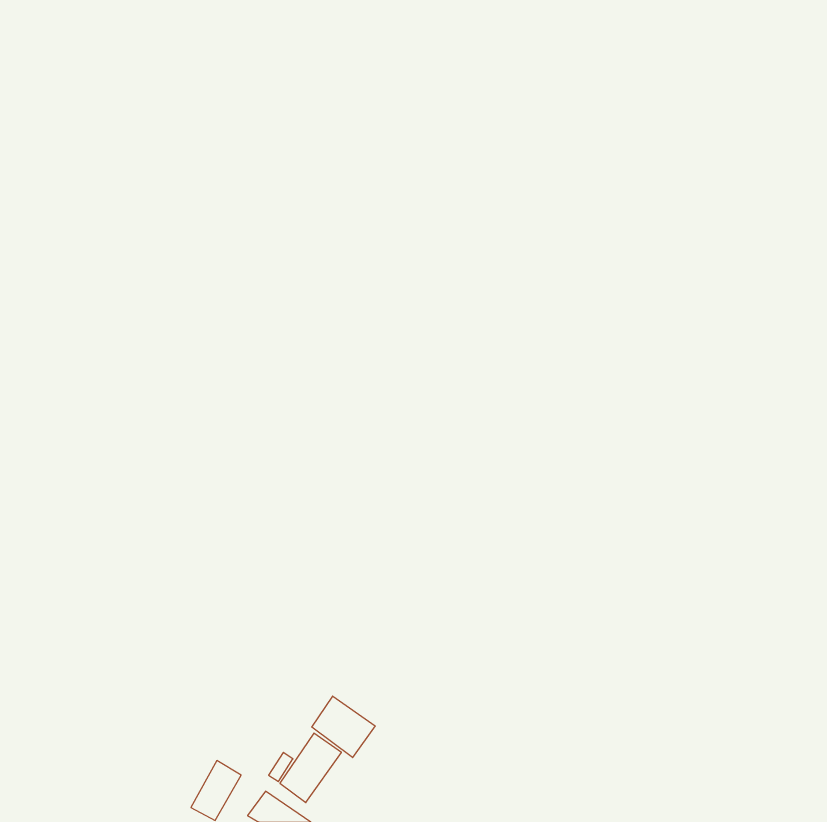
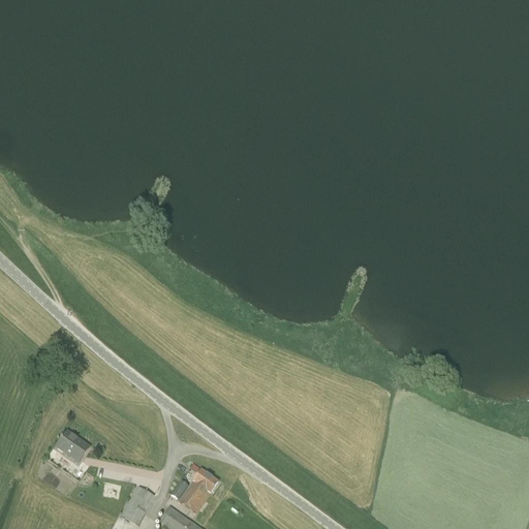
building: none -> [56,431,89,462]
building: [312,696,375,758] -> none

